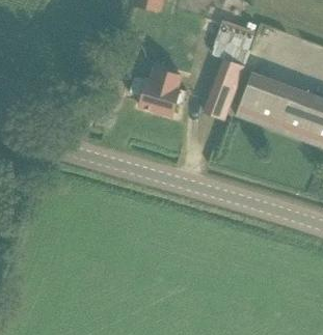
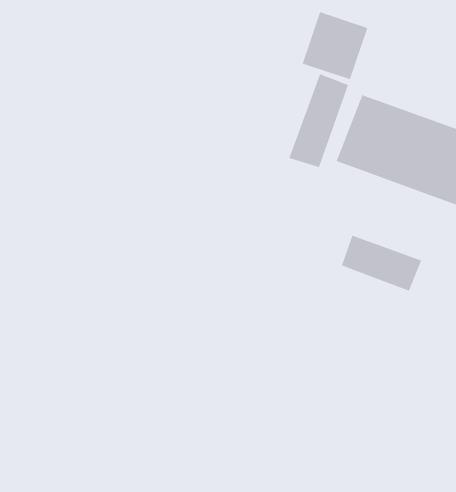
building: [129,67,187,115] -> none
building: none -> [341,235,422,292]

